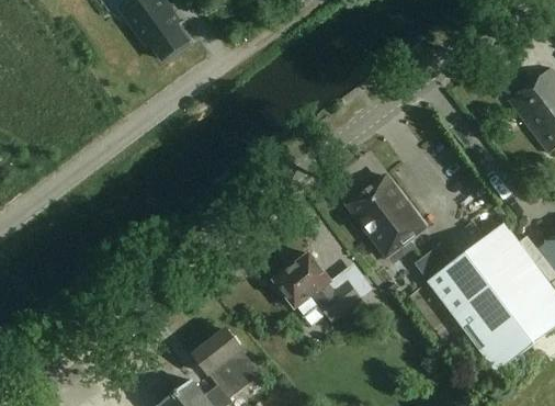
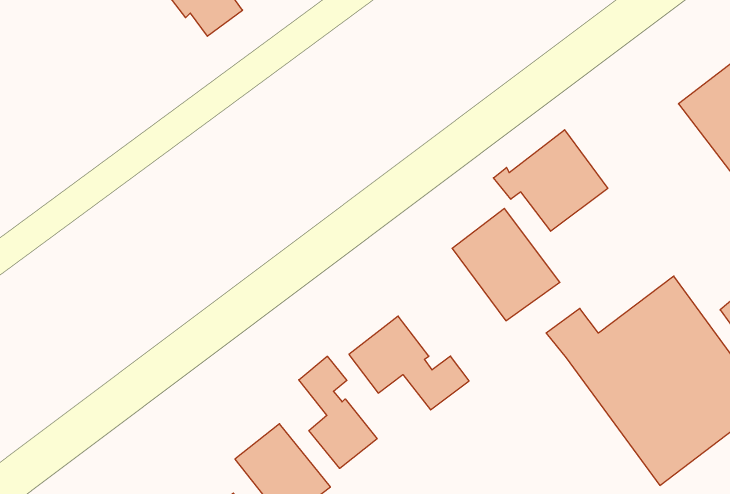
building: none -> [493,130,608,231]
building: none -> [299,356,377,468]

